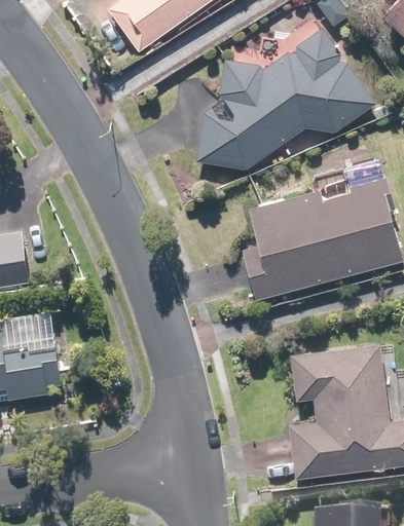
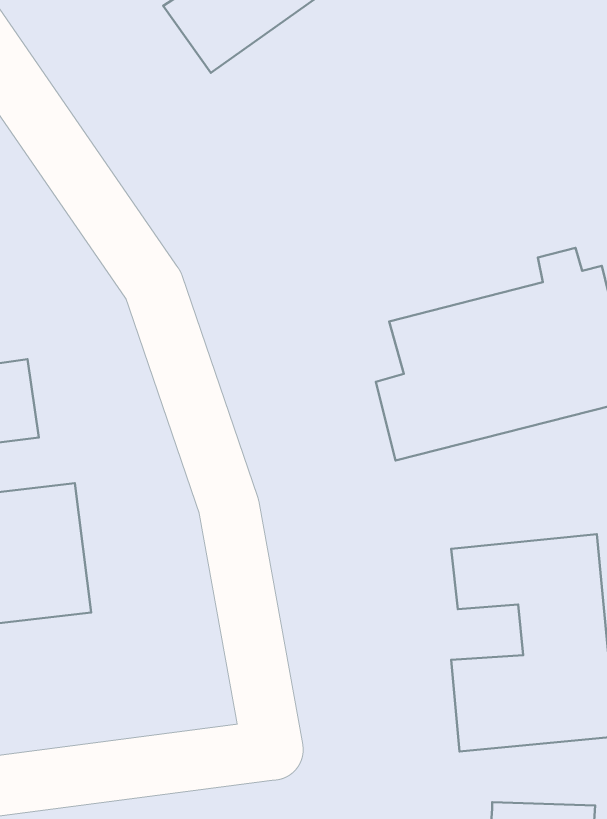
building: [193,30,378,171] -> none

